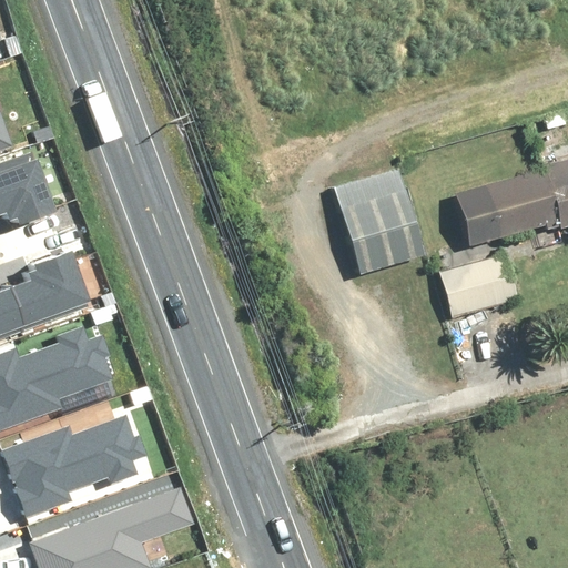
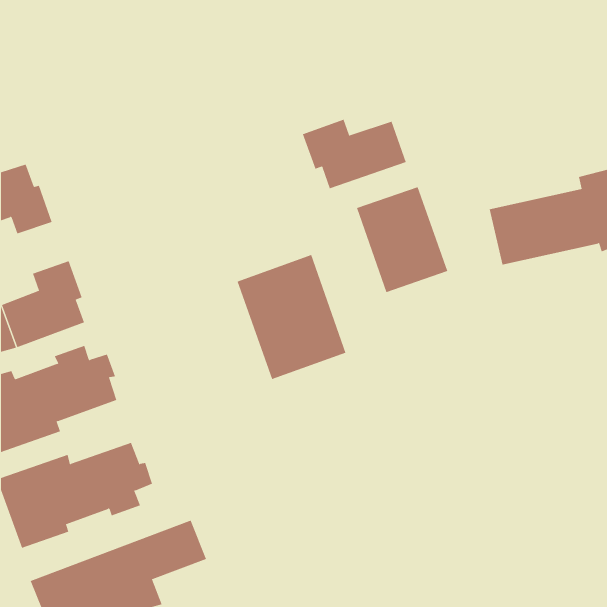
building: none -> [302,119,407,189]
building: none -> [237,254,346,380]
building: [439,256,520,320] -> none

